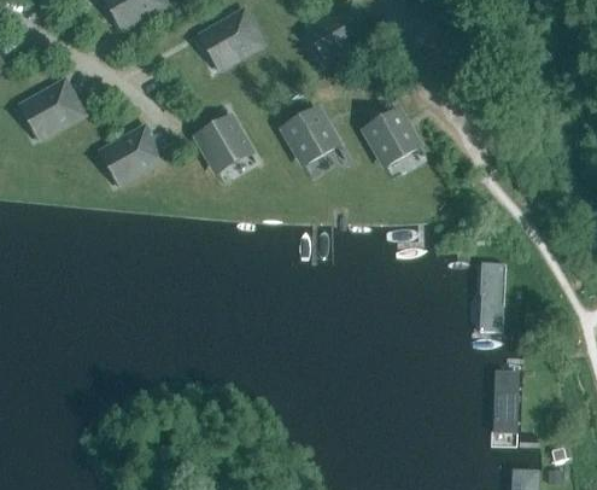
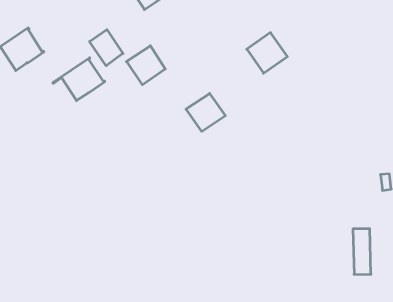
building: none -> [90,30,123,66]
building: [285,109,338,159] -> [186,93,225,131]
building: [472,275,498,339] -> none

